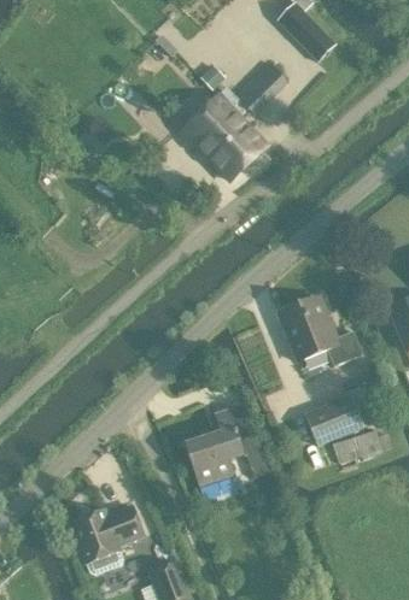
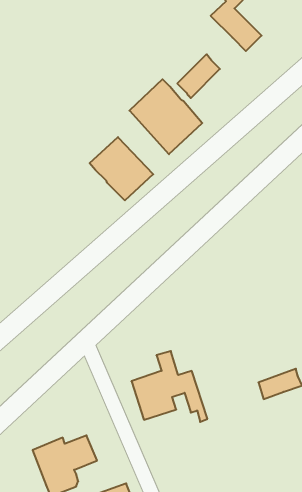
building: none -> [90,137,153,200]
building: [280,296,366,366] -> none
building: [306,395,364,445] -> none

